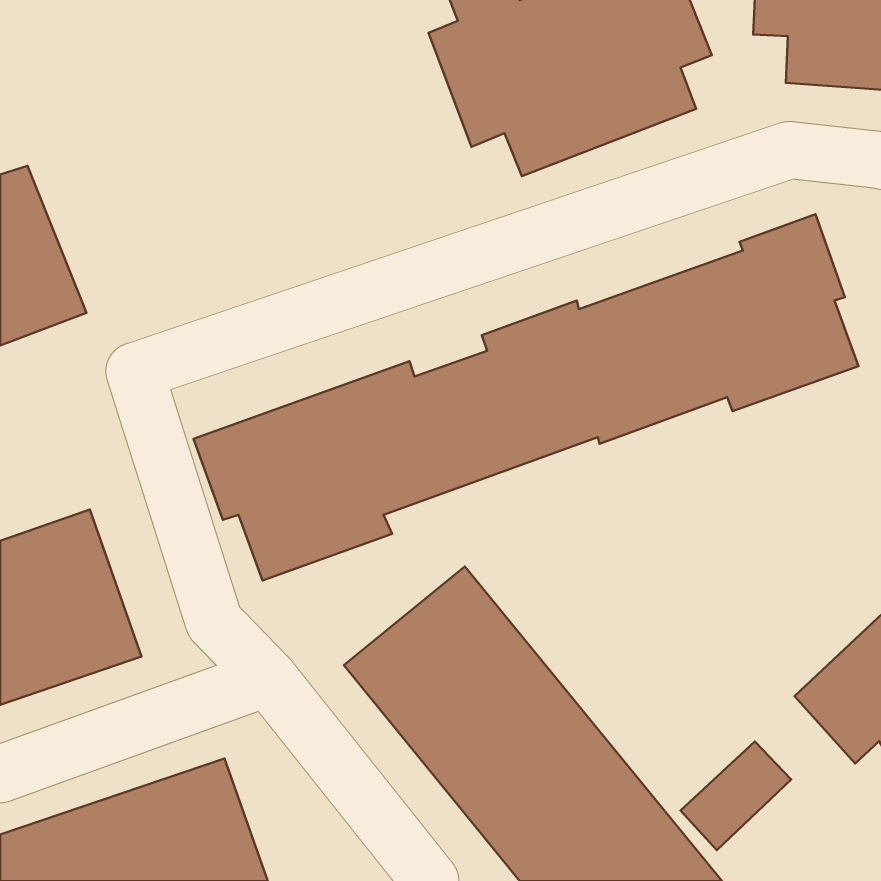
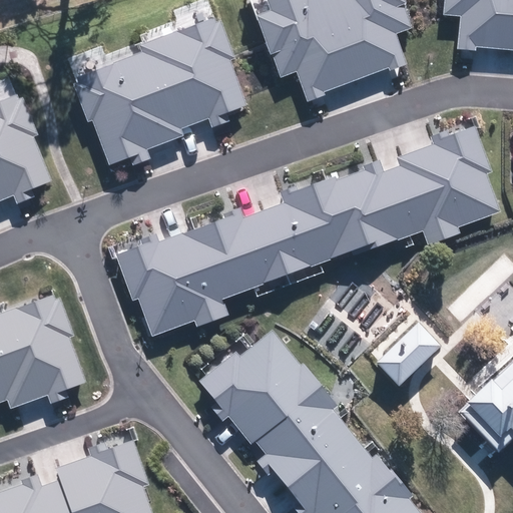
building: none -> [74,18,249,165]
building: [681,741,791,850] -> [373,325,437,388]

